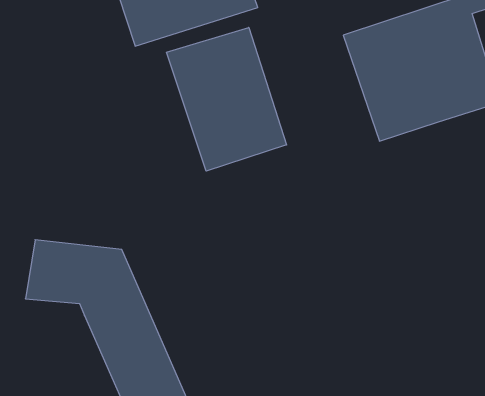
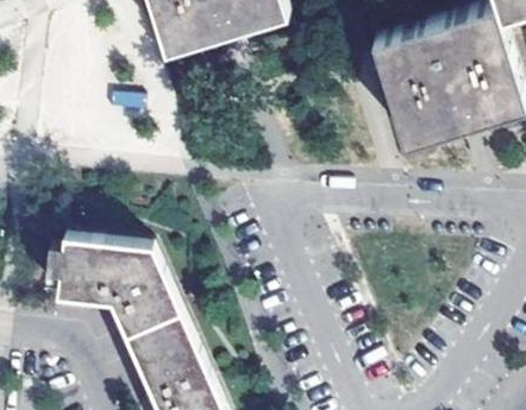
building: [166,27,287,171] -> none

